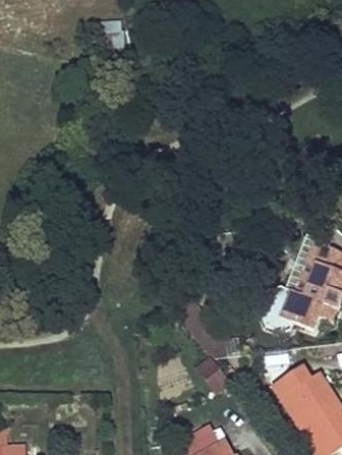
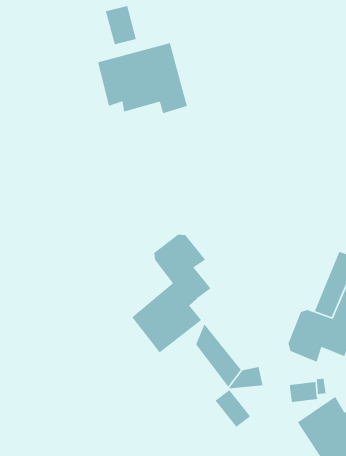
building: none -> [97,42,188,114]
building: none -> [130,234,211,354]

